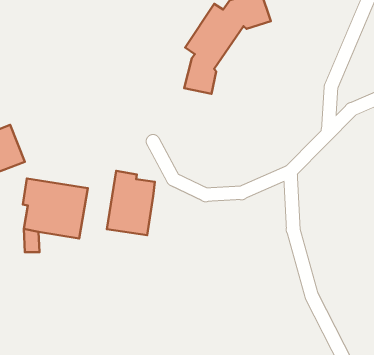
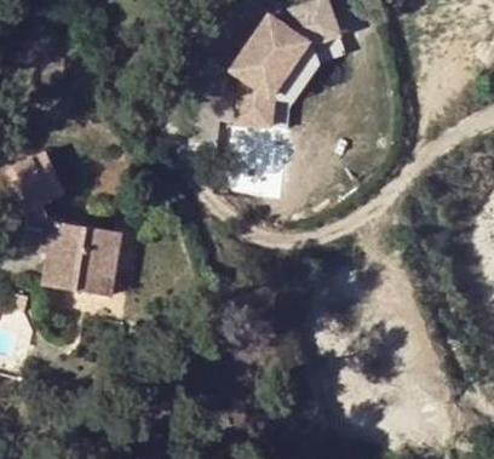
building: [107,171,155,235] -> none

